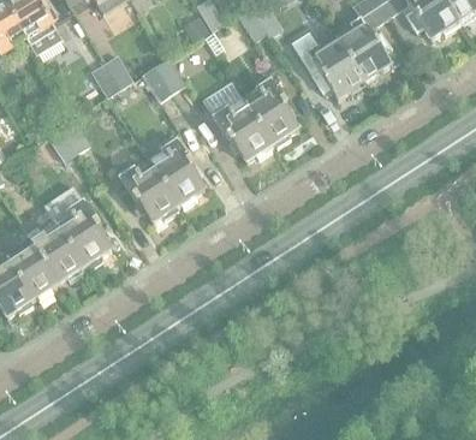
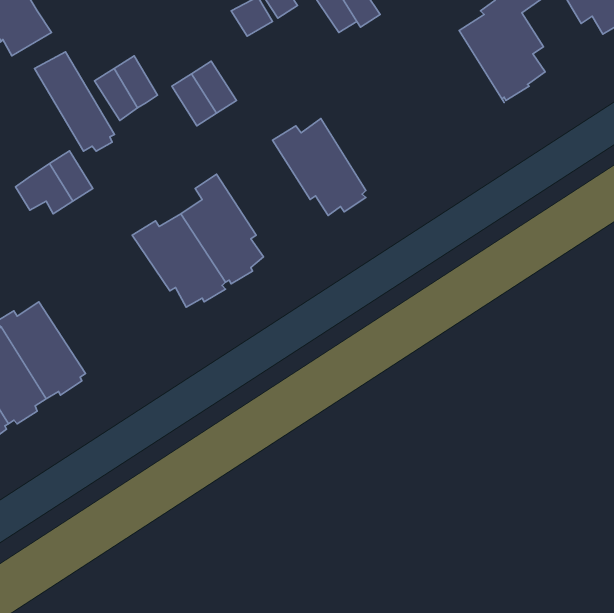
building: [291,30,364,99] -> none
building: none -> [35,52,114,151]
building: [242,72,297,145] -> none
building: [53,195,111,267] -> none

